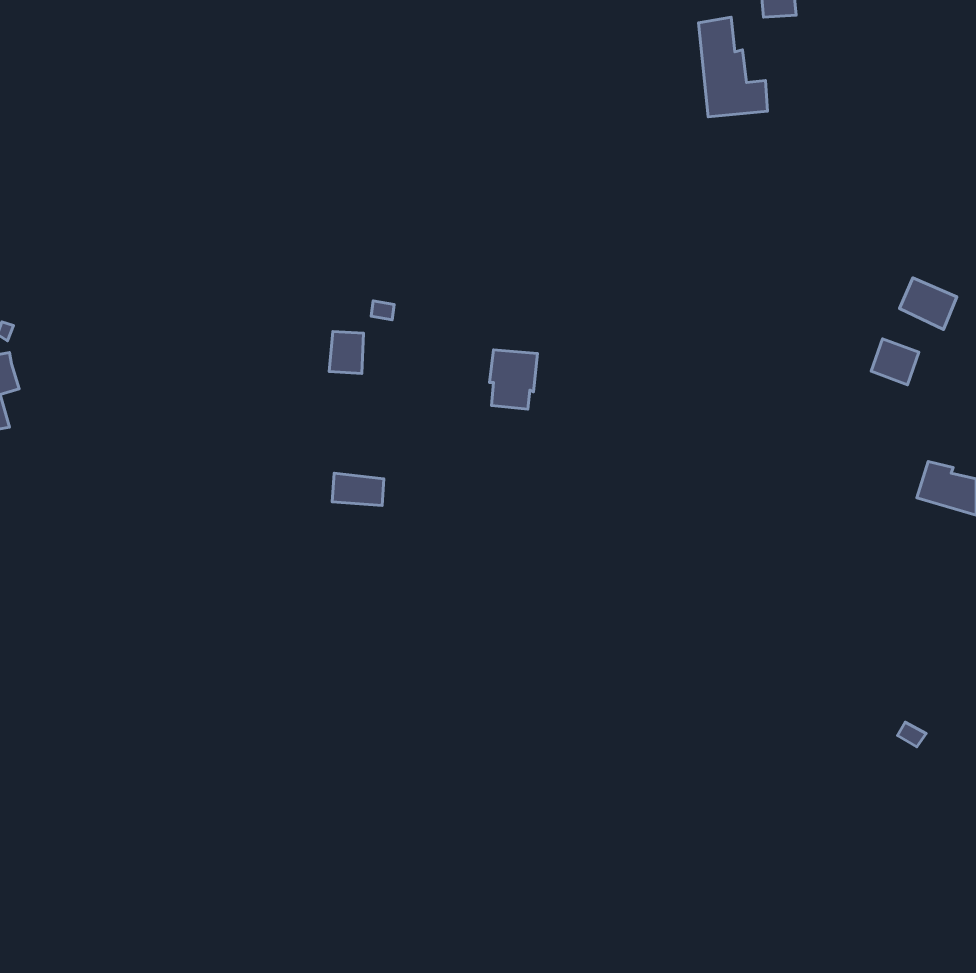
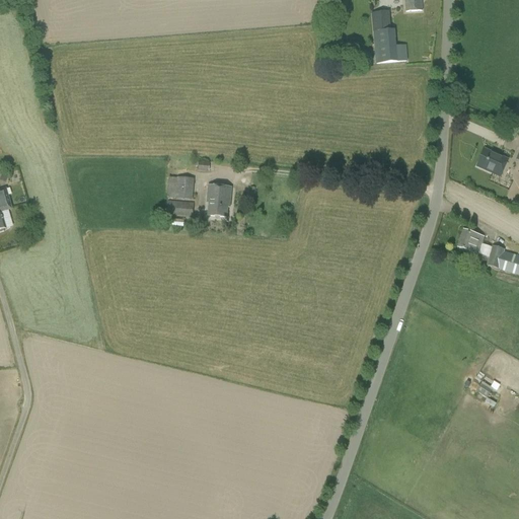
building: [871,339,919,385] -> [457,228,483,252]
building: [490,350,537,409] -> [206,183,231,215]
building: [332,473,384,506] -> [165,198,193,215]

